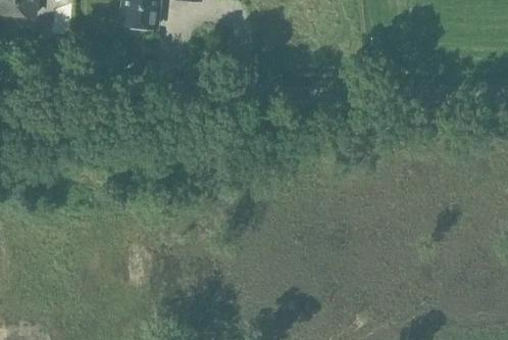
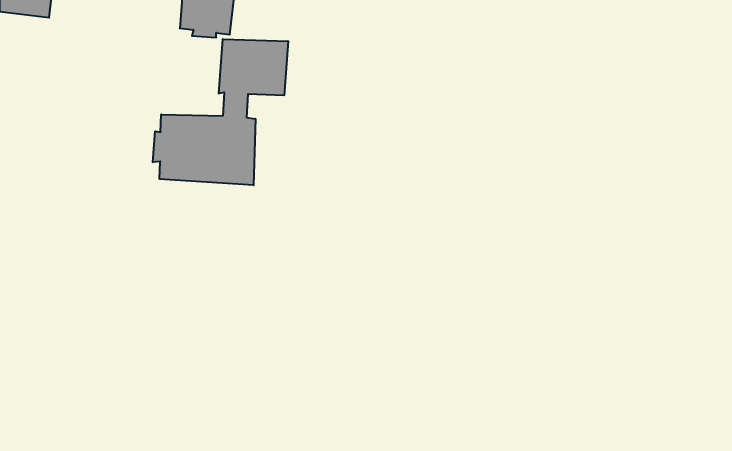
building: none -> [153,39,288,185]

